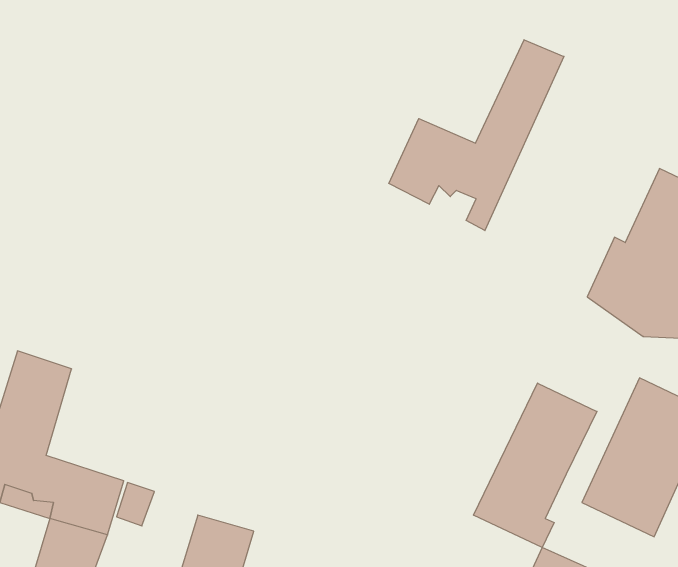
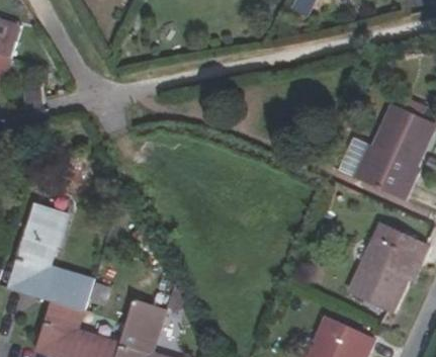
building: [389,40,564,231] -> none
building: [474,383,597,547] -> none

